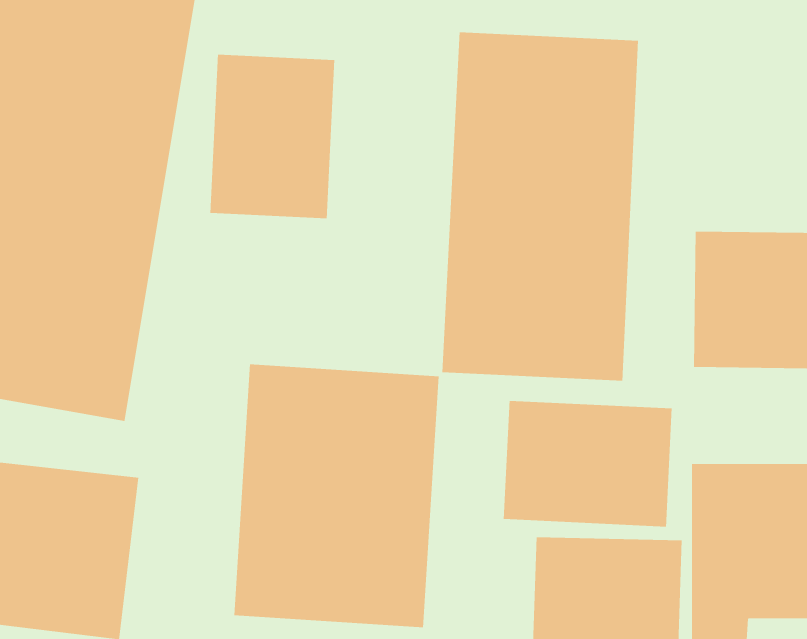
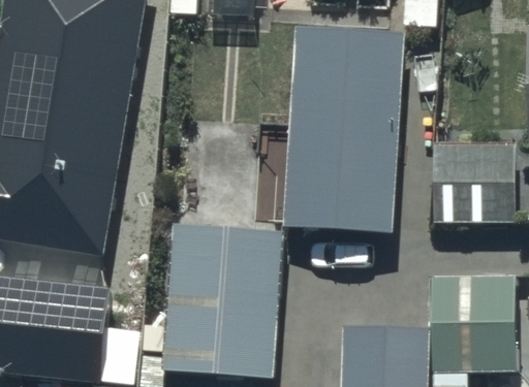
building: [210,54,335,219] -> none
building: [503,400,672,527] -> none

